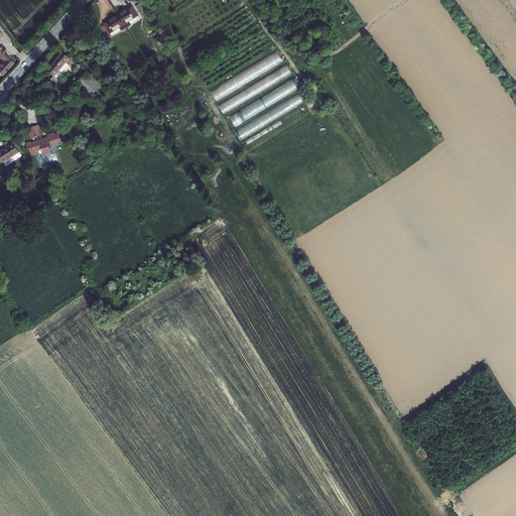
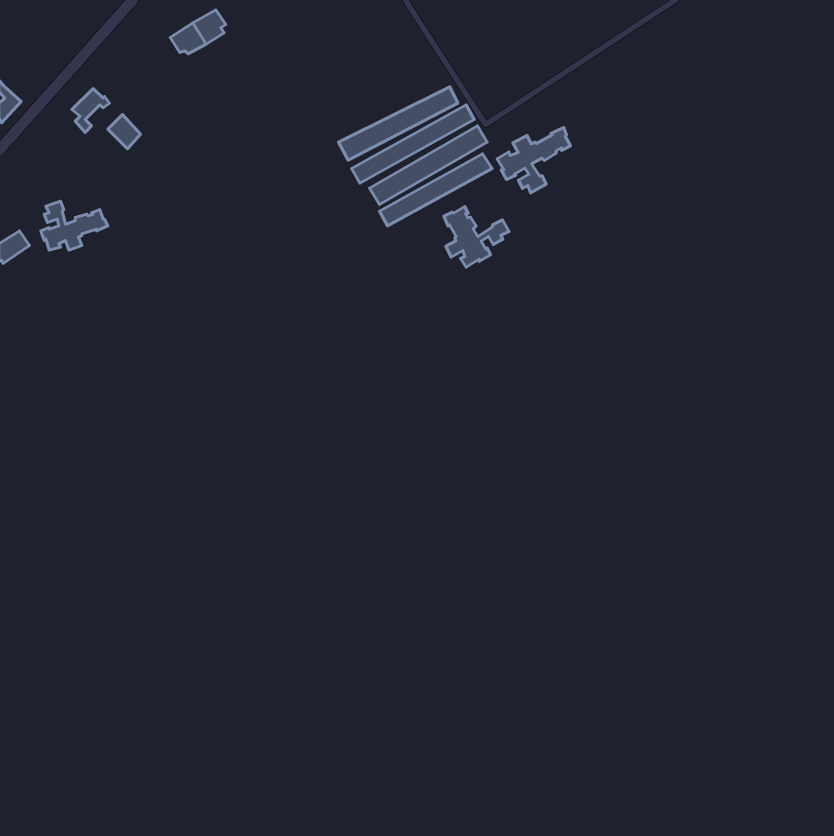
building: none -> [497,128,571,193]
building: none -> [444,206,509,267]

